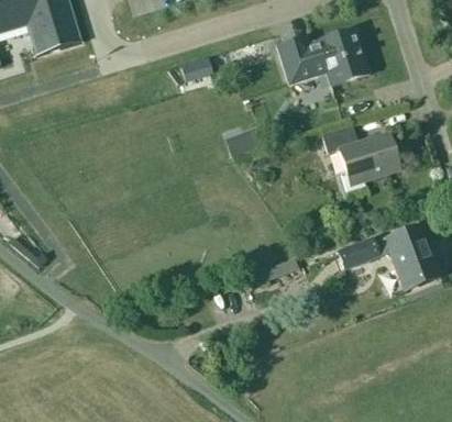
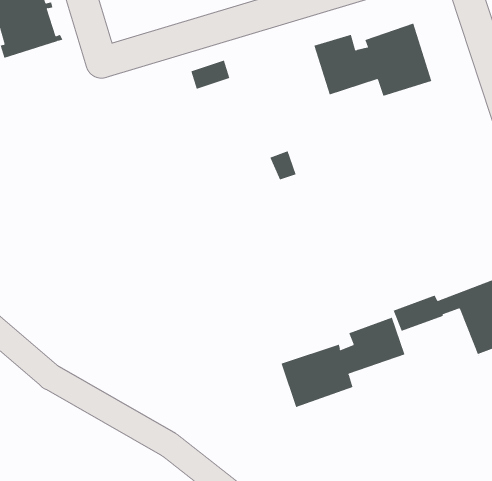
building: [322,125,400,190] -> none
building: none -> [281,317,405,408]

